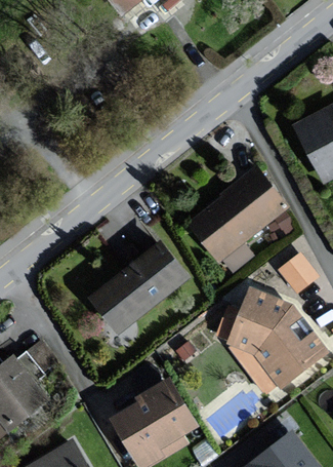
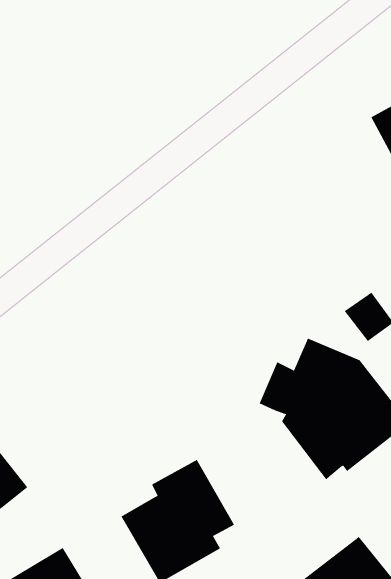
building: [189,169,285,260] -> none
building: [90,244,186,332] -> none

